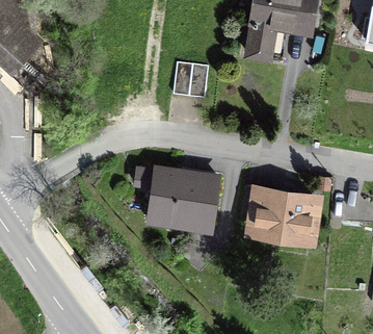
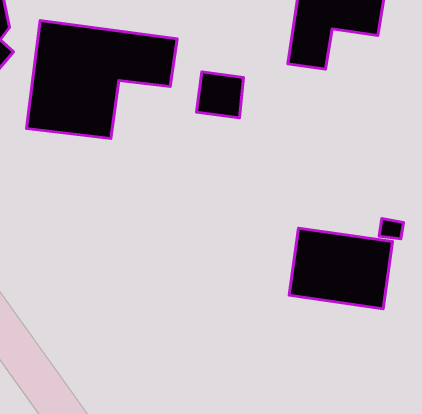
building: none -> [27,20,177,139]
building: [145,164,221,233] -> none

